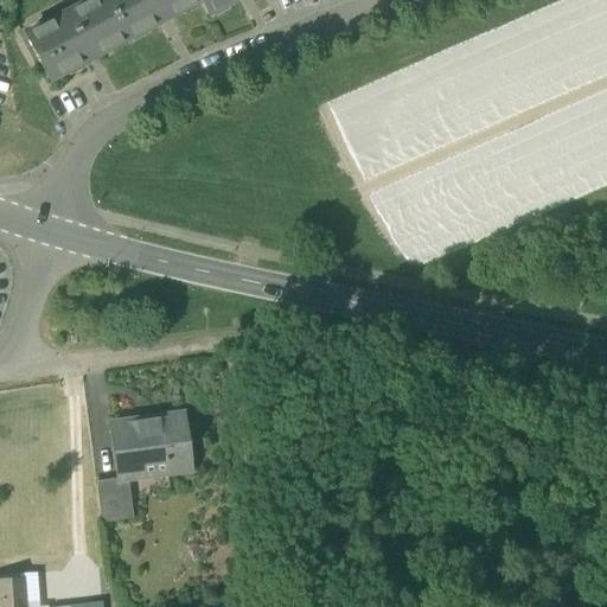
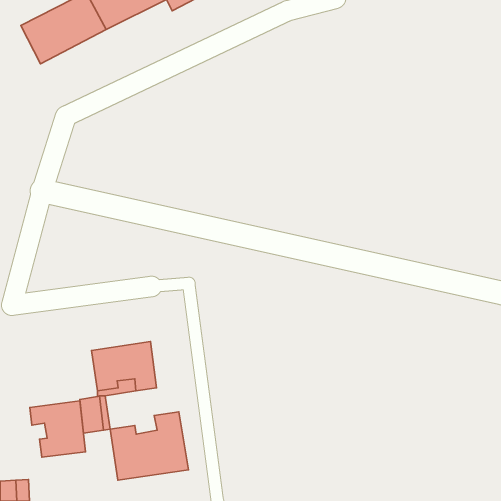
building: none -> [30,401,86,457]
building: none -> [110,412,188,480]

